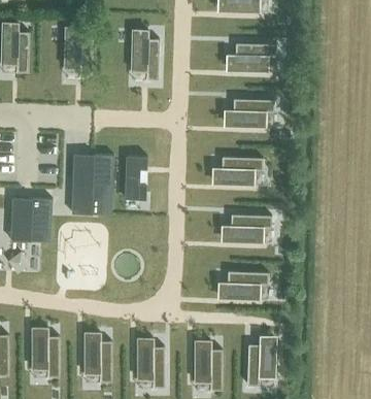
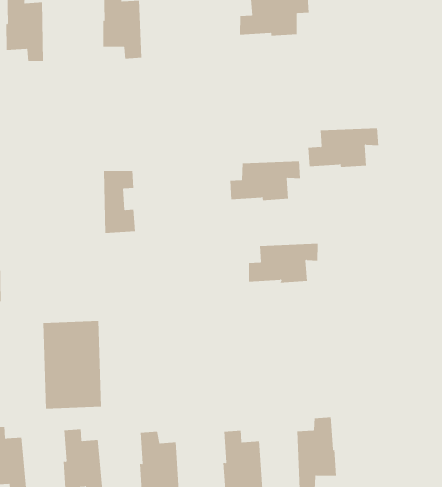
building: [223,99,272,126] -> [307,128,379,168]
building: [70,154,111,214] -> [42,321,102,409]
building: [216,271,267,299] -> none

